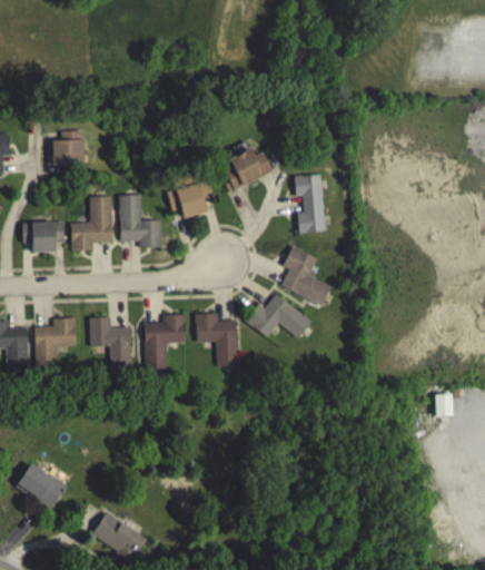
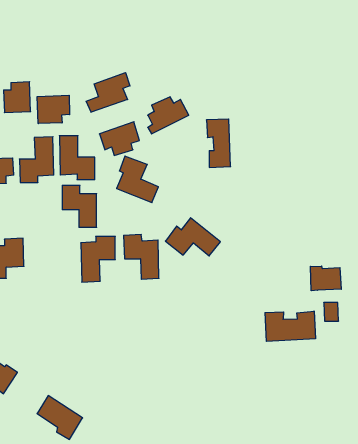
building: none -> [86,73,130,112]
building: none -> [37,95,70,124]
building: [280,248,330,304] -> [117,156,158,203]
building: [90,317,131,367] -> [62,185,97,227]
building: none -> [310,266,341,291]
building: none -> [265,311,315,341]

